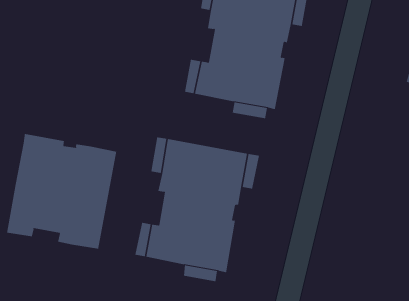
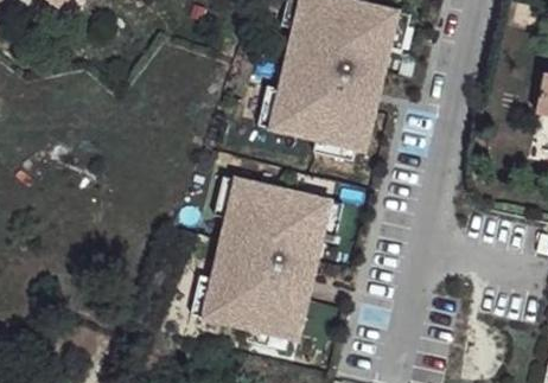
building: [7,133,117,250] -> none

